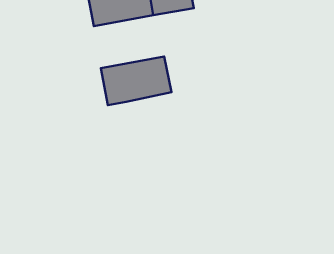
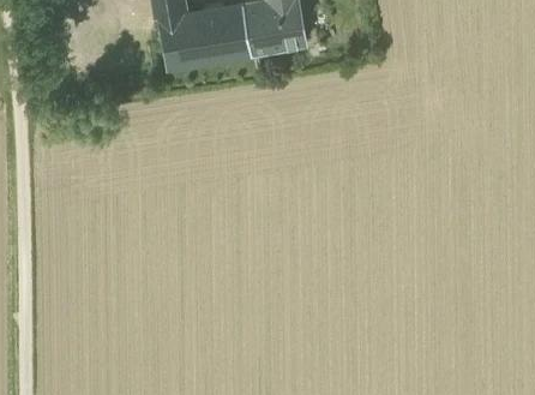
building: [101,56,171,105] -> none

